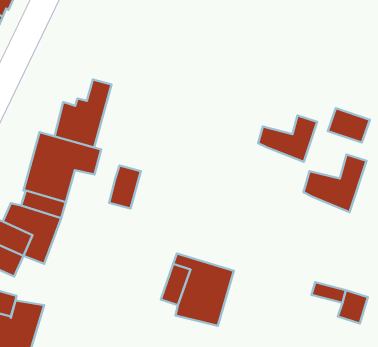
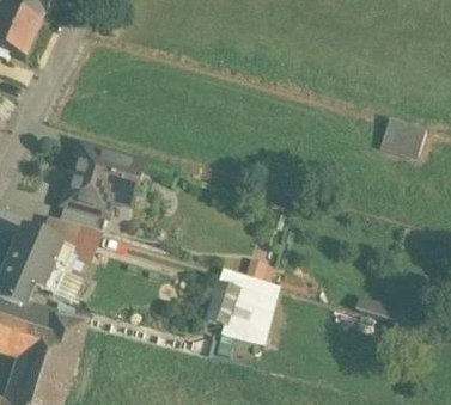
building: [54,80,112,148] -> none
building: [258,115,317,162] -> none
building: [303,155,367,212] -> none
building: [109,165,141,208] -> none

